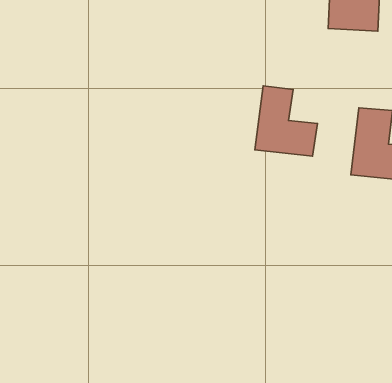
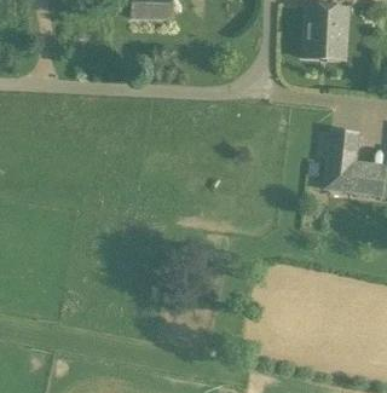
building: [255,86,317,156] -> none

